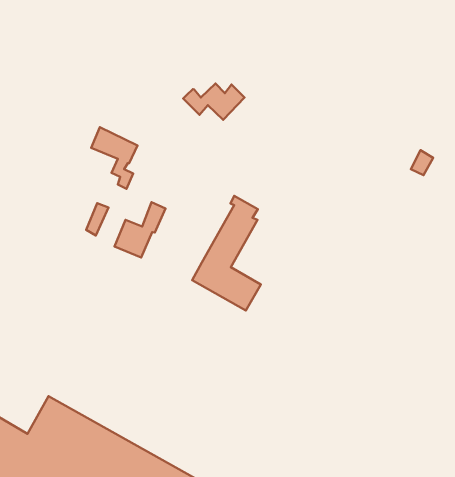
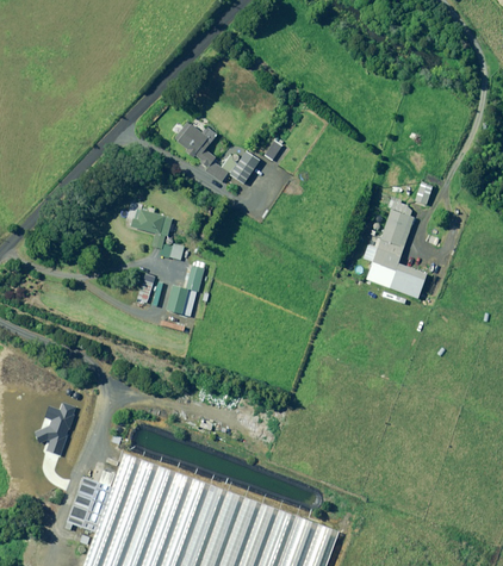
building: none -> [175,123,217,168]
building: [192,196,261,310] -> [366,200,427,299]

